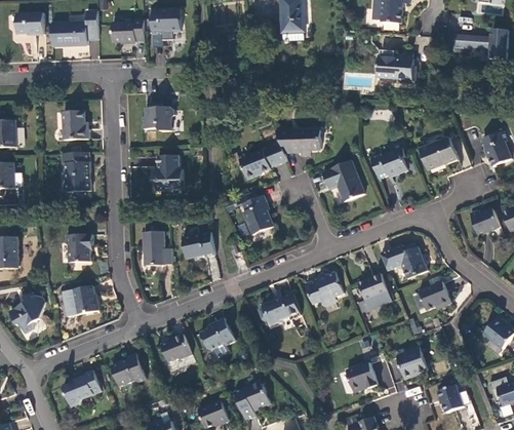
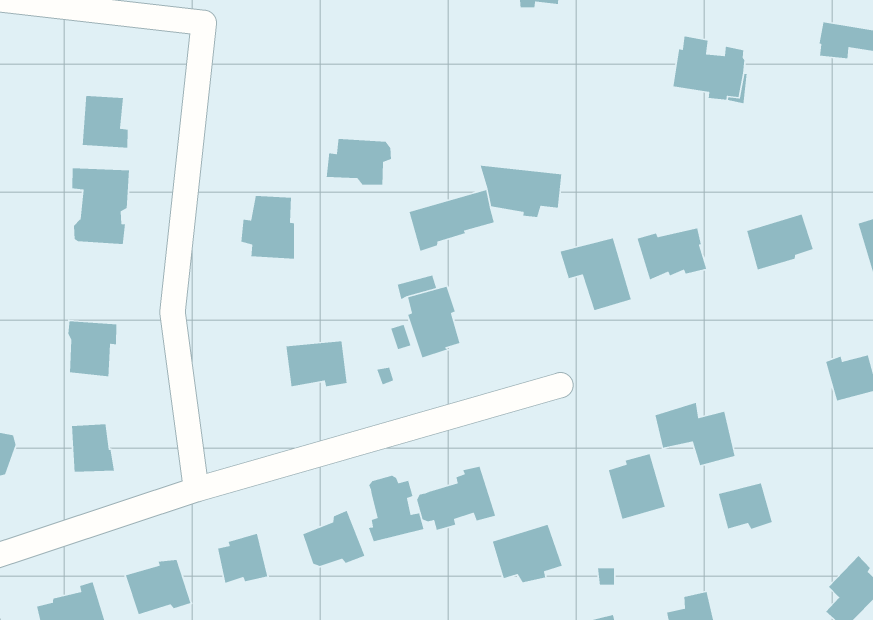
building: [141,109,174,133] -> [326,138,392,186]
building: [142,232,172,266] -> none
building: [306,272,345,305] -> [492,524,563,583]
building: none -> [368,475,425,542]

